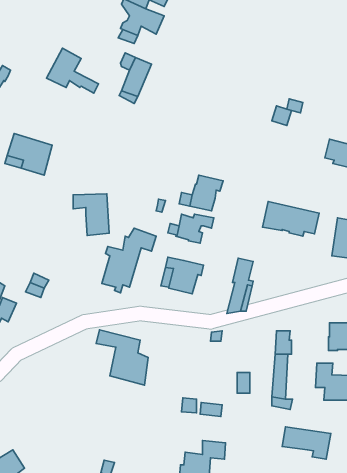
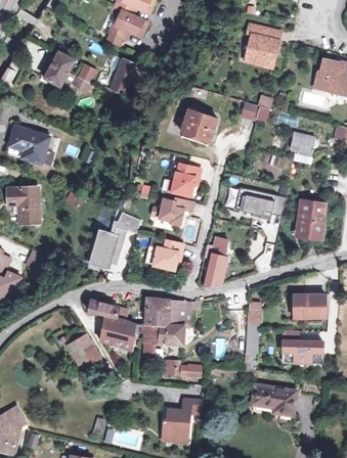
building: none -> [246,26,280,67]
building: none -> [181,109,217,141]
building: [73,194,109,235] -> [7,187,39,224]
building: none -> [143,297,184,359]
building: none -> [68,336,98,368]

